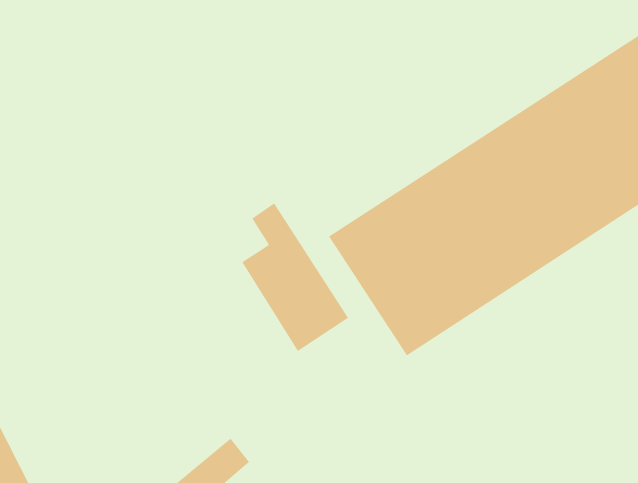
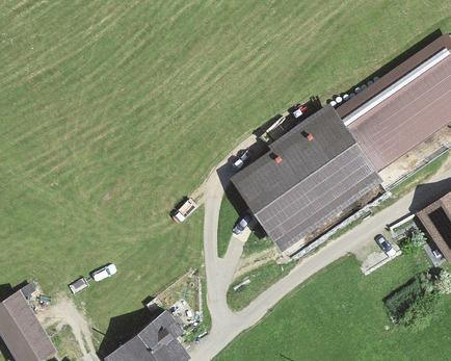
building: [242,203,349,352] -> none

